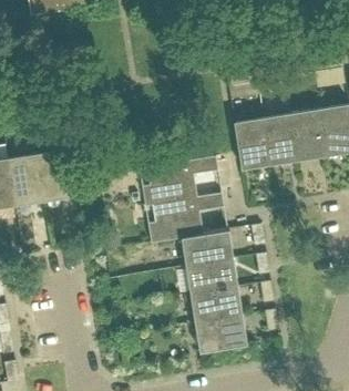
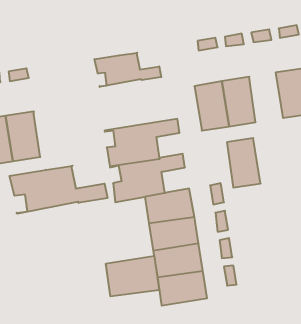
building: none -> [95,53,161,87]
building: [291,107,327,160] -> [227,138,261,188]
building: none -> [9,166,107,214]
building: none -> [106,256,159,296]

